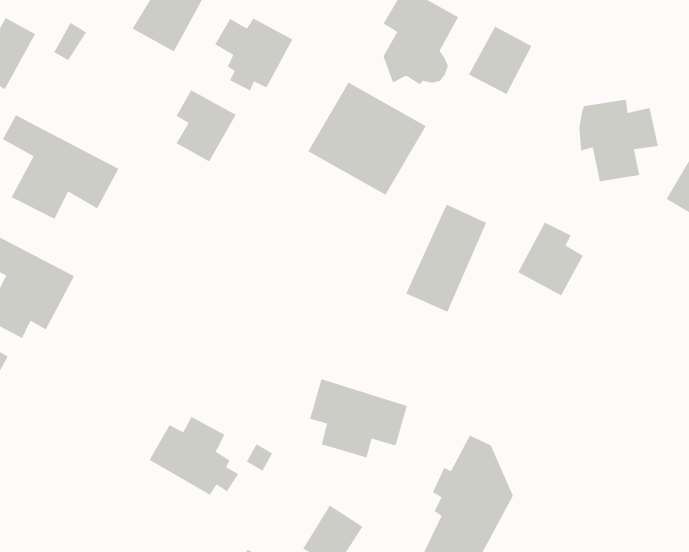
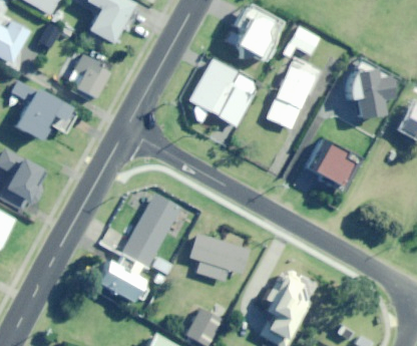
building: [214,17,293,92] -> none
building: [175,89,237,162] -> [74,55,110,98]
building: [405,204,487,313] -> [267,65,315,129]
building: none -> [123,193,181,267]

